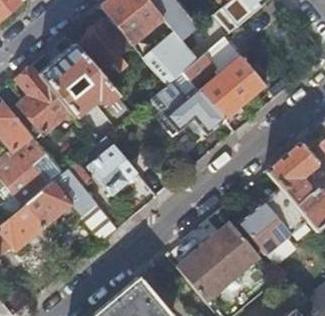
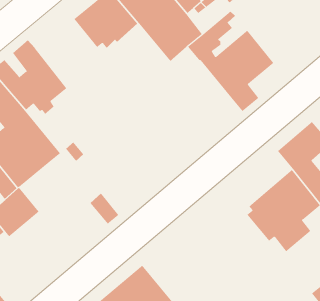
building: [39,43,116,116] -> none
building: [146,71,224,133] -> none
building: [88,134,137,195] -> none
building: [24,180,72,227] -> none
building: [180,223,261,300] -> none

